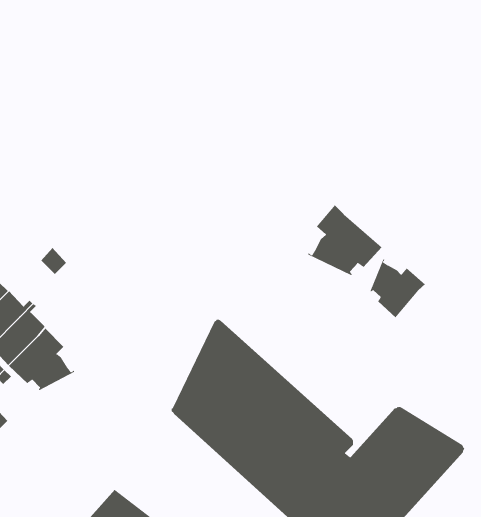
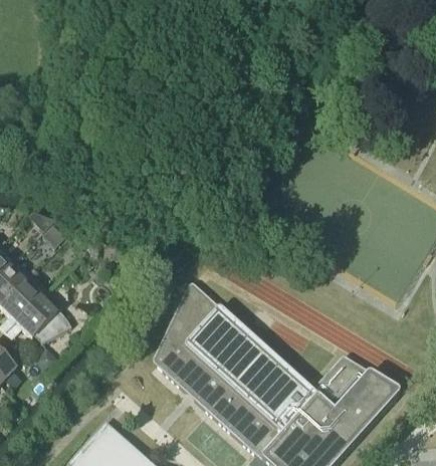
building: [308,205,383,276] -> none
building: [370,259,426,318] -> none

